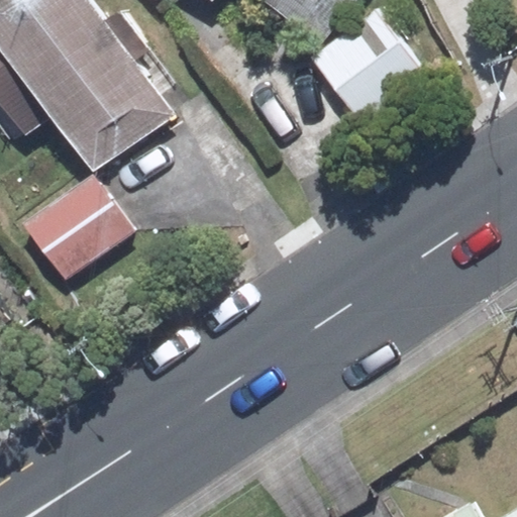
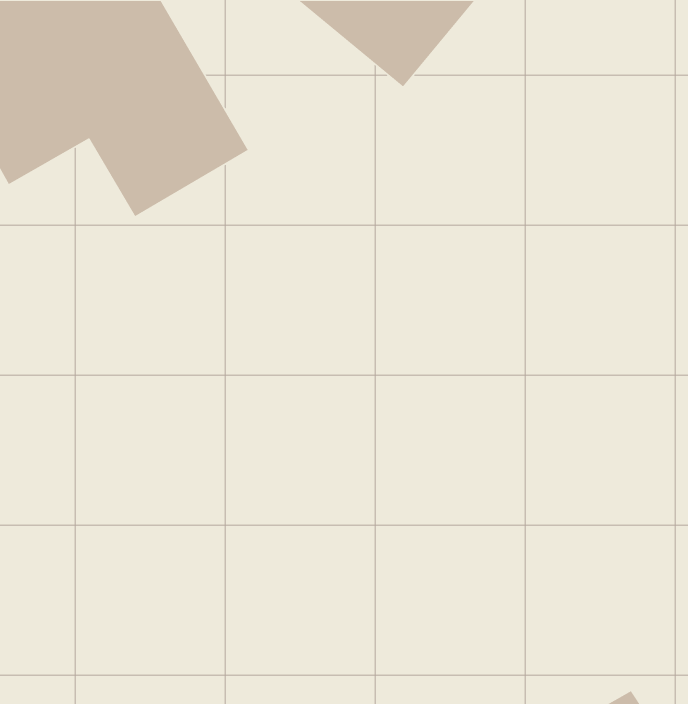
building: [306,15,418,126] -> none
building: [27,169,138,277] -> none

